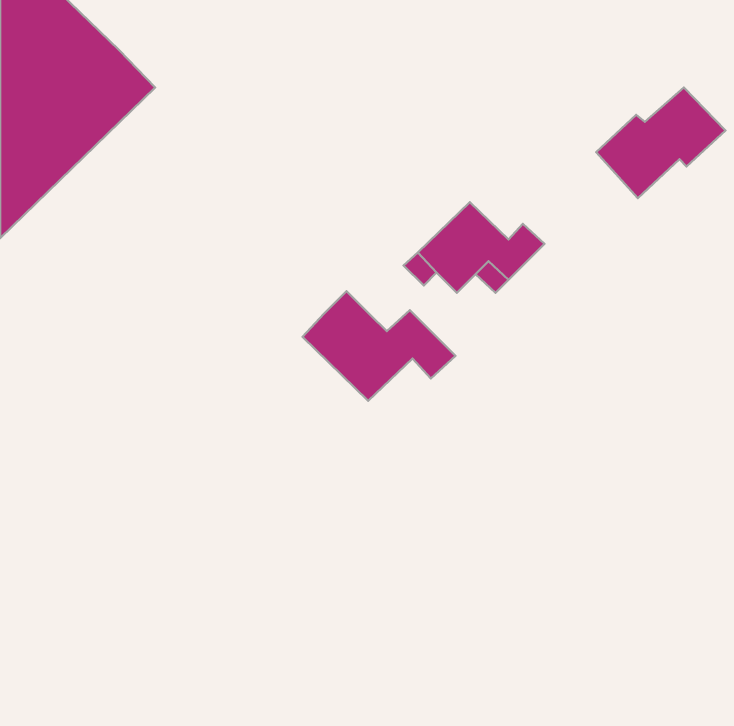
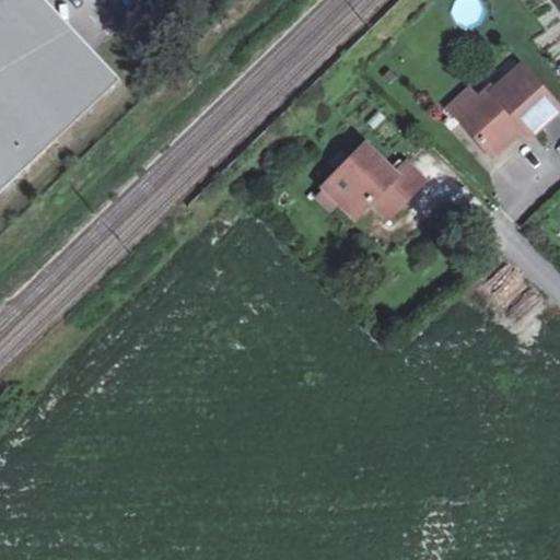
building: [303,291,455,401] -> none

